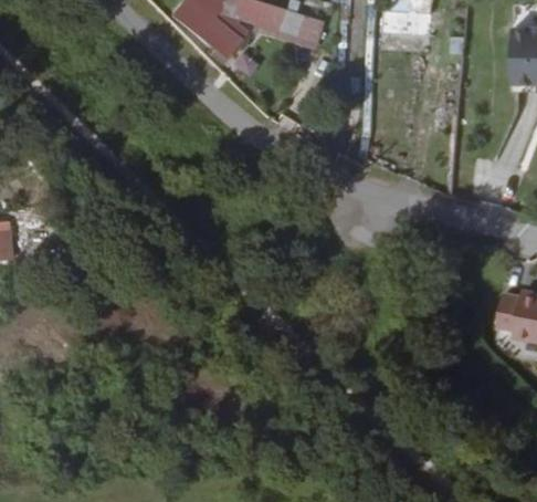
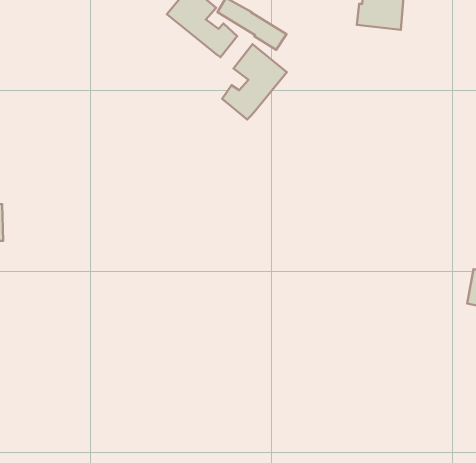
building: none -> [222,44,287,120]

